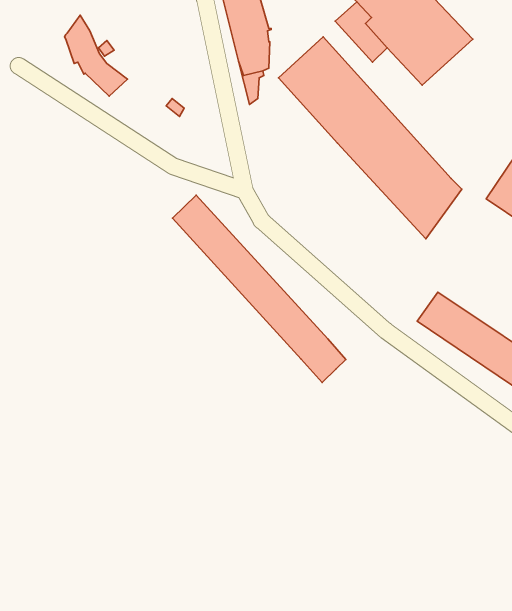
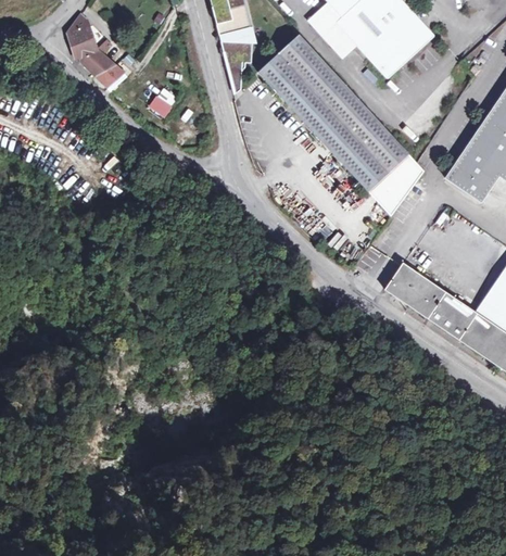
building: [173,195,346,383] -> none

